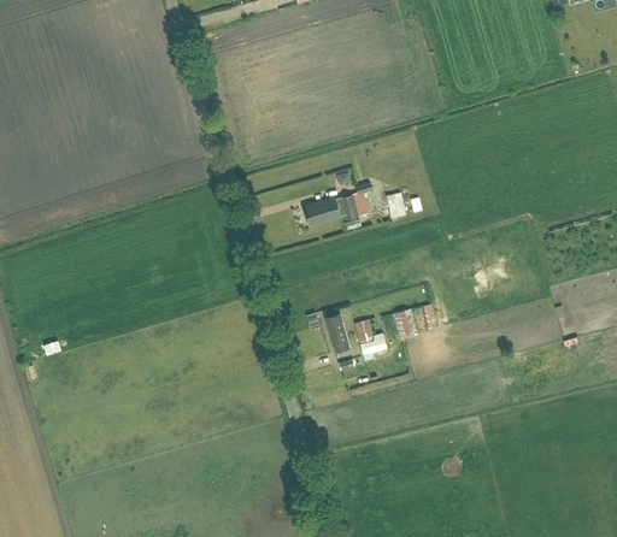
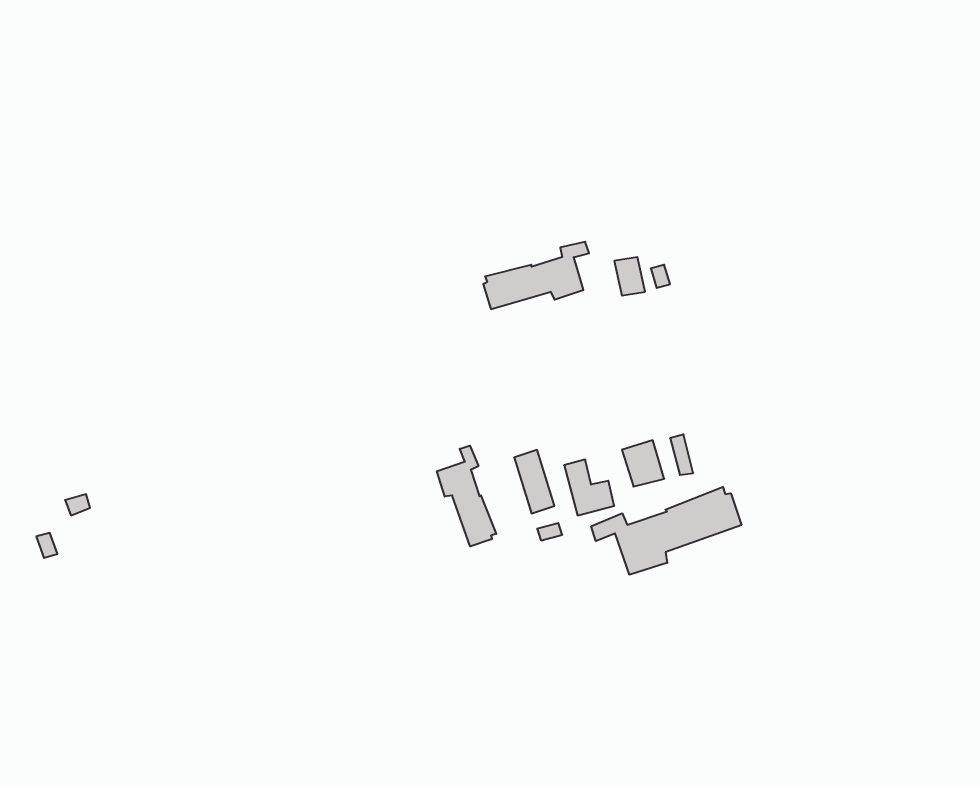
building: none -> [437,446,496,546]
building: none -> [591,487,741,575]

